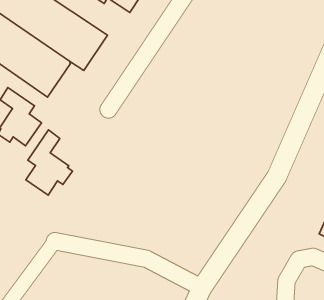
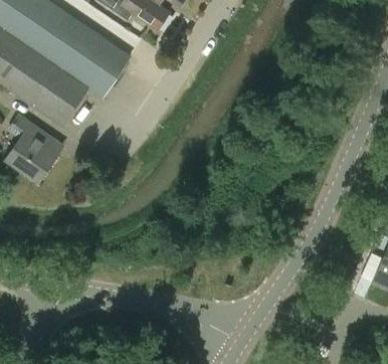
building: [26,130,73,195] -> none

